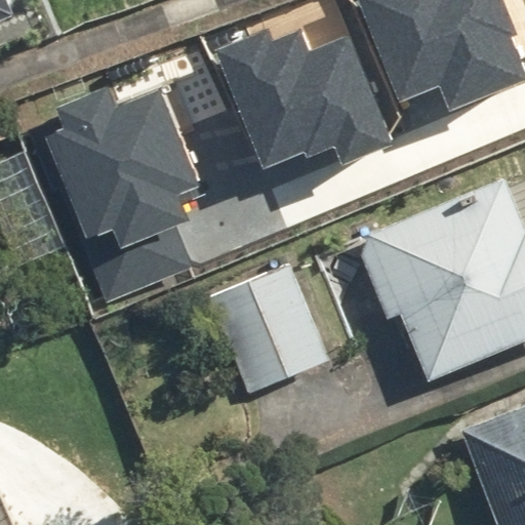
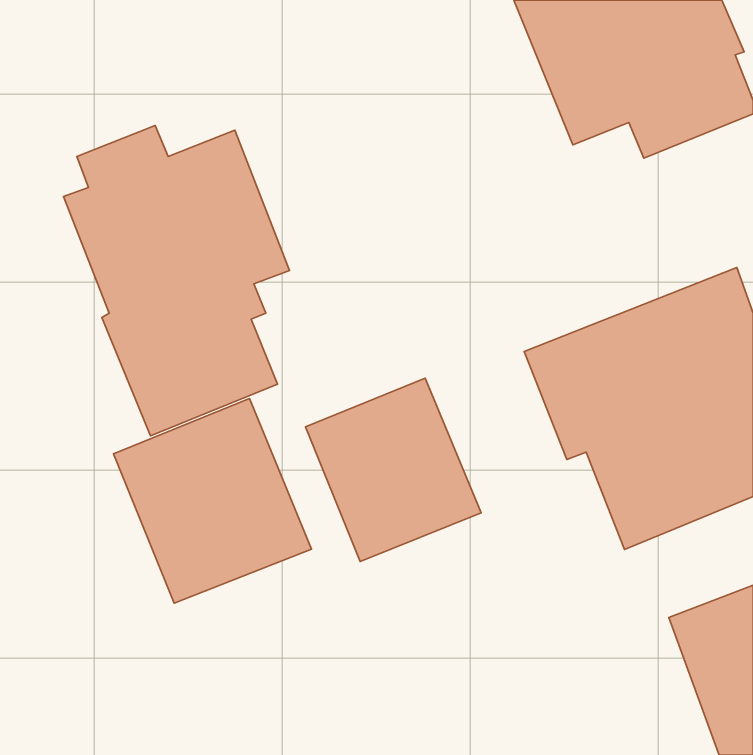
building: [213,30,392,168] -> none
building: none -> [114,398,311,603]

